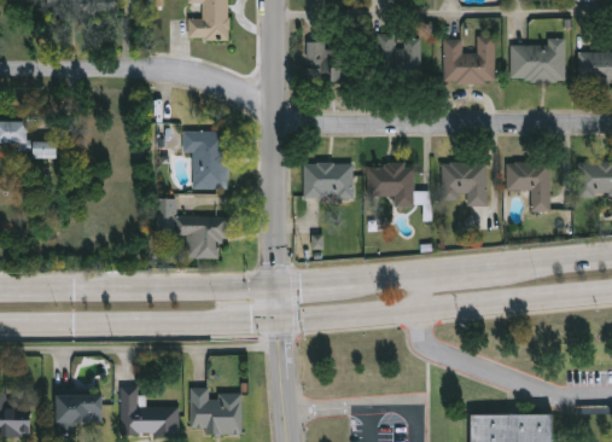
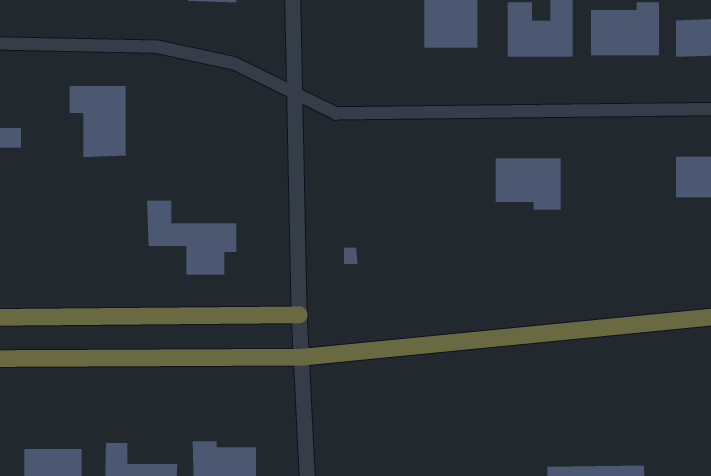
building: [305,42,354,83] -> none
building: [182,130,228,188] -> [69,85,126,158]
building: [506,162,550,211] -> none
building: [303,163,354,198] -> none
building: [367,163,414,207] -> none

